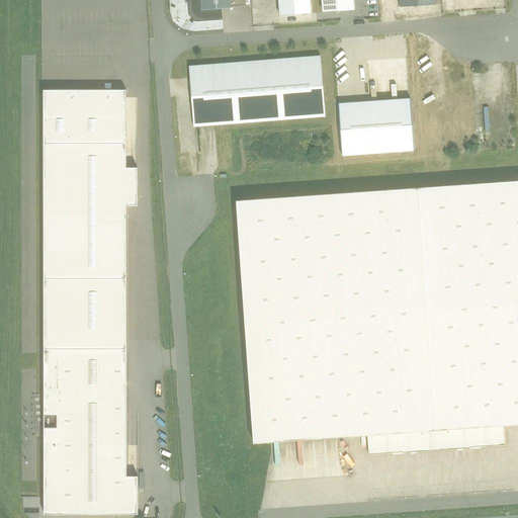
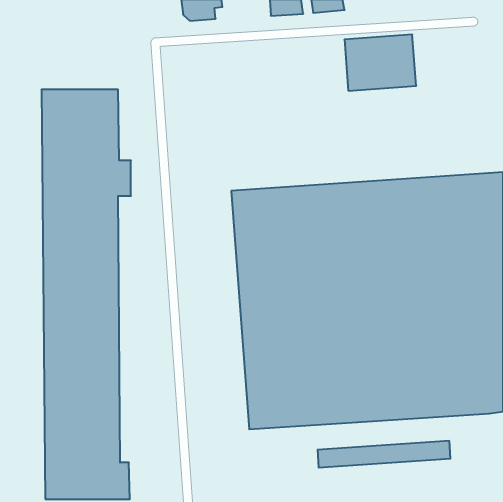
building: [190,55,323,127] -> none
building: [341,103,415,161] -> [344,35,416,91]
building: [367,425,504,452] -> [318,441,450,468]

